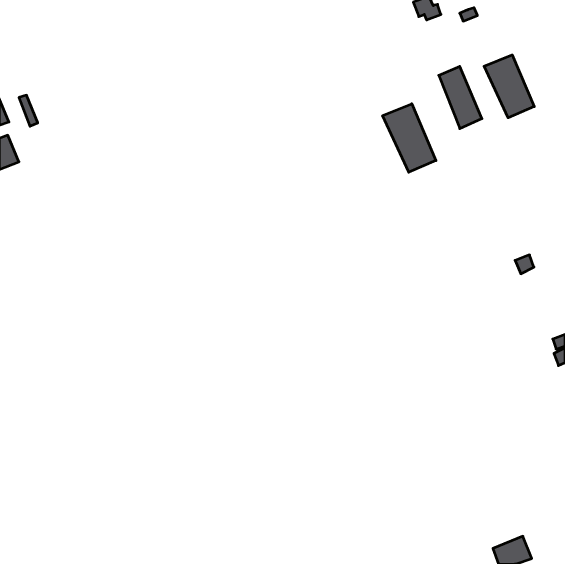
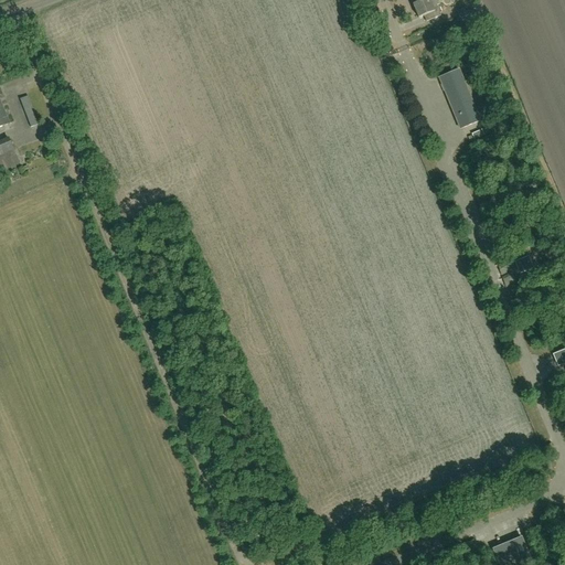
building: [484,55,534,118] -> none
building: [383,104,436,172] -> none

